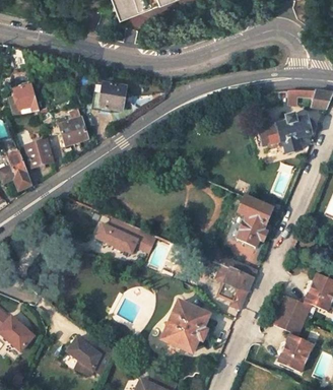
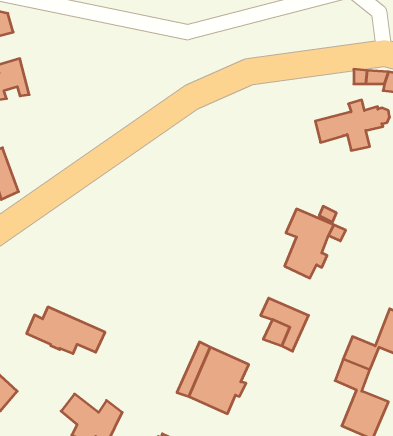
building: [99,82,129,111] -> none
building: [60,109,88,145] -> none
building: [26,139,53,167] -> none
building: [96,218,156,254] -> [27,307,105,354]

